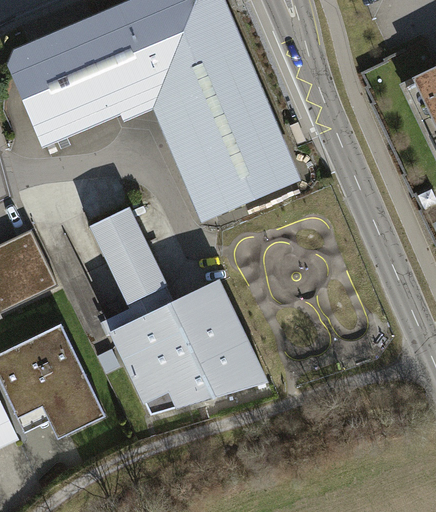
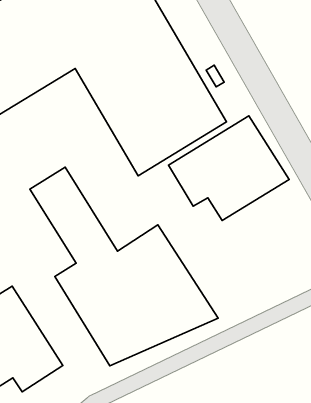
building: none -> [169,116,289,221]

